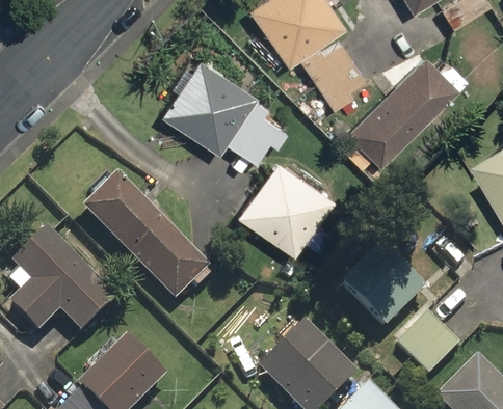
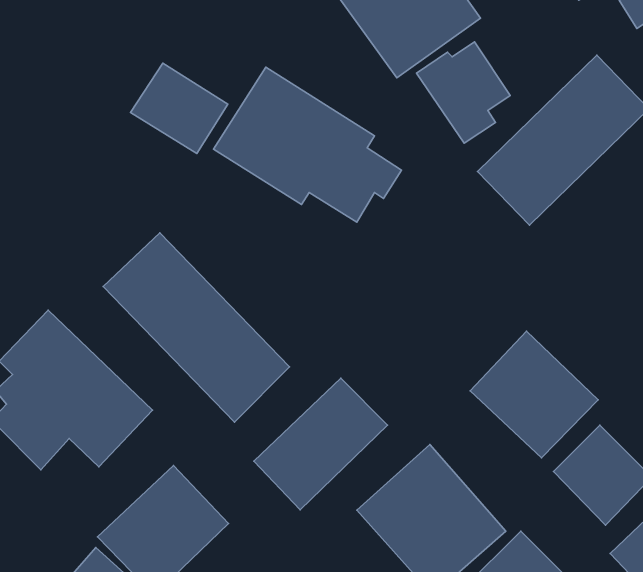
building: none -> [130,63,228,153]
building: [232,148,338,255] -> none
building: none -> [254,378,387,510]

